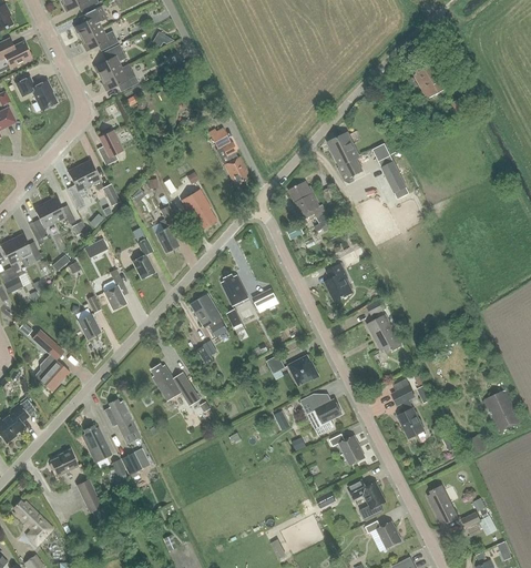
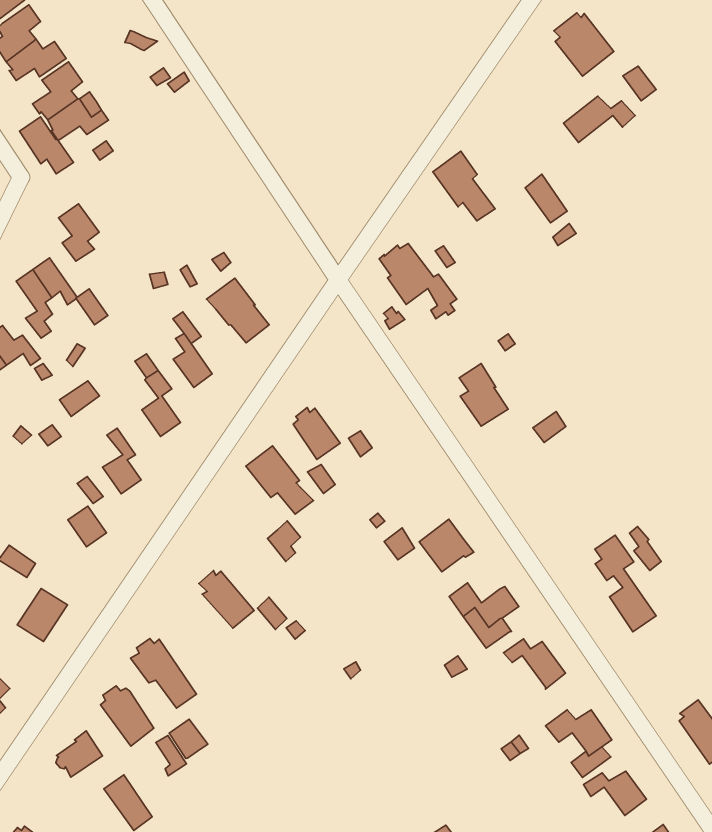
building: none -> [20,117,74,174]
building: none -> [563,96,635,143]
building: [207,128,247,183] -> none
building: [367,314,401,352] -> none

